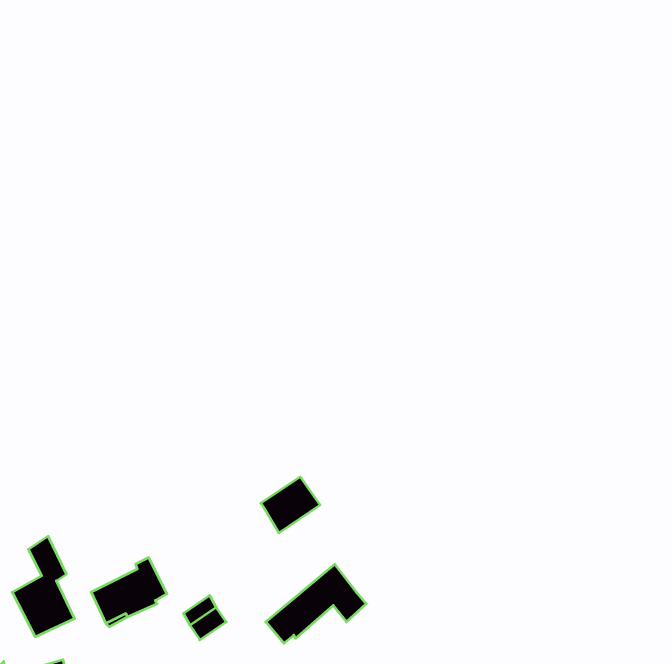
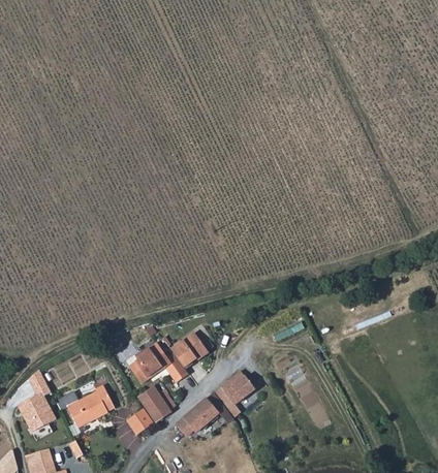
building: none -> [129,342,188,383]
building: none -> [219,372,252,405]
building: none -> [137,383,174,423]

